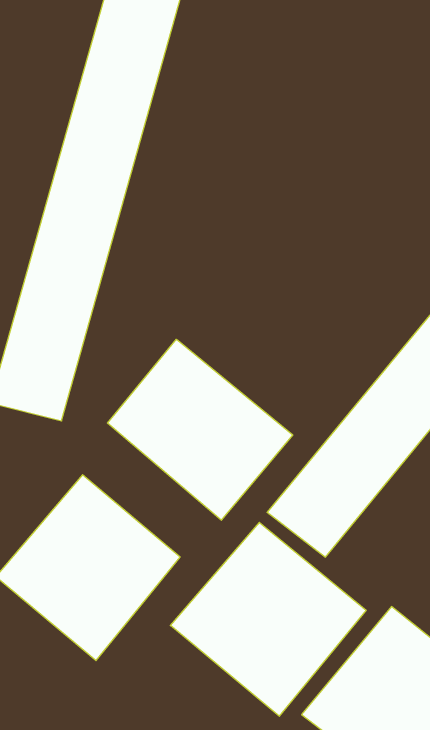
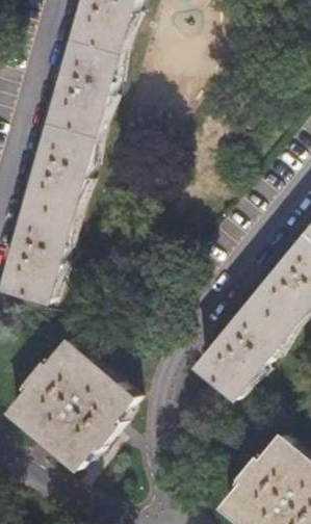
building: [107,339,293,520] -> none
building: [170,522,366,716] -> none

